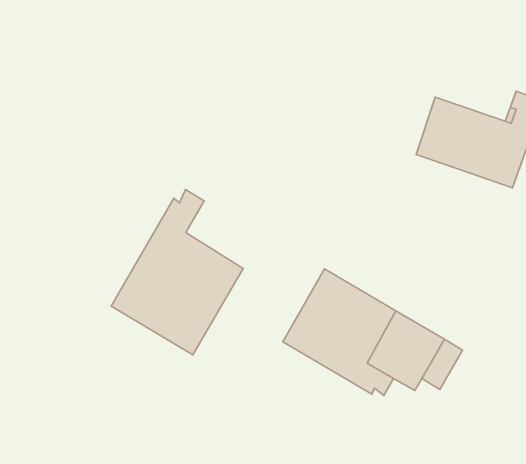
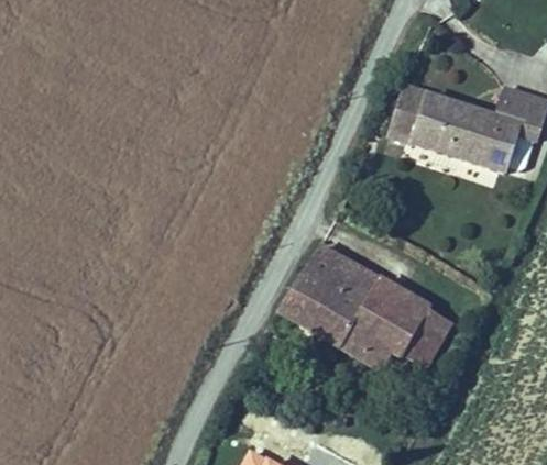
building: none -> [389,84,429,144]
building: [111,190,243,355] -> none

